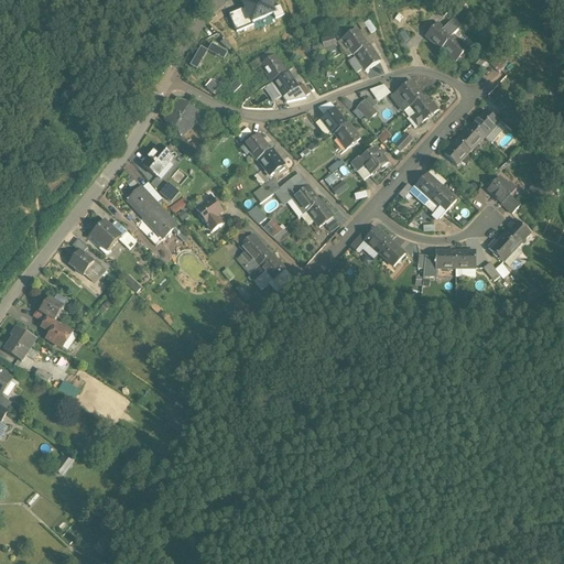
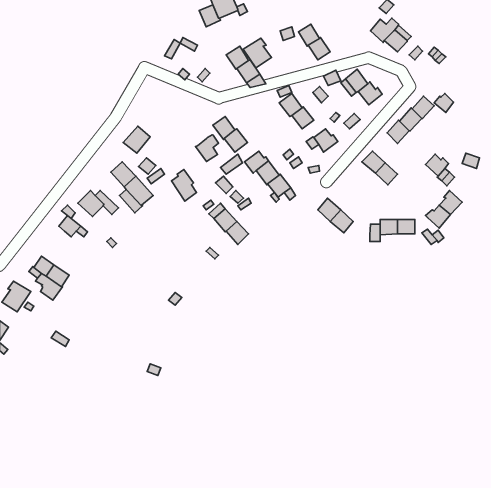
building: none -> [243,38,272,68]
building: [163,95,202,133] -> none
building: none -> [196,135,219,161]

